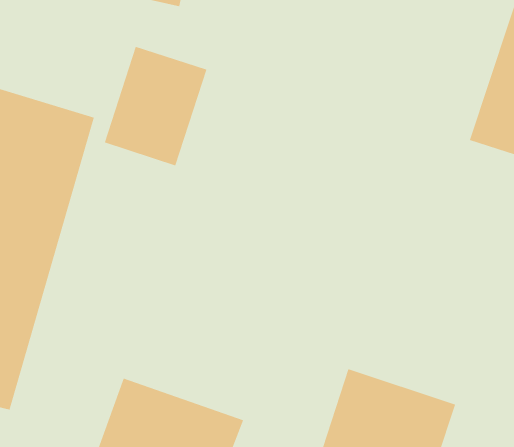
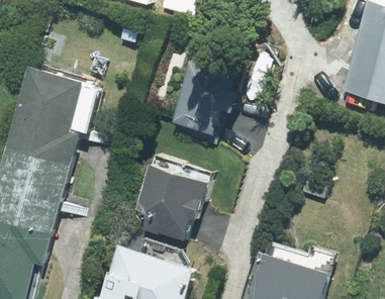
building: [104,46,207,167] -> [173,64,239,141]
building: none -> [128,156,213,250]

